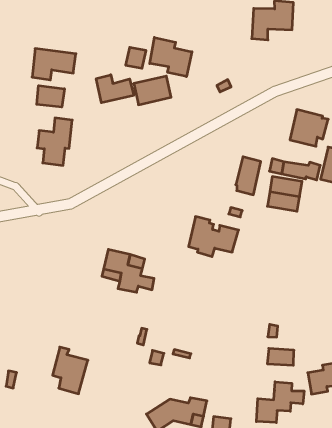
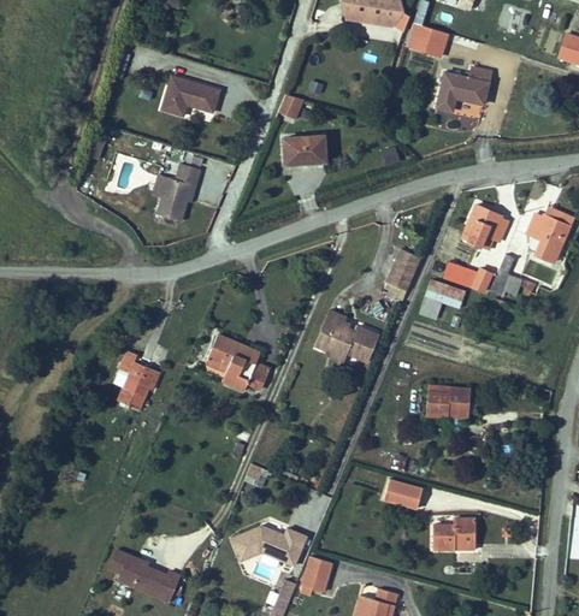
building: [150,37,192,77] -> none
building: [96,75,134,103] -> none
building: [37,86,64,107] -> none
building: none -> [425,385,471,419]
building: [53,347,88,394] -> [112,350,158,410]
building: [256,382,304,423] -> none

